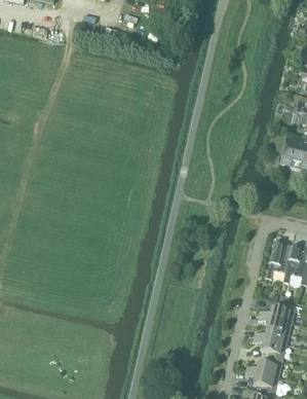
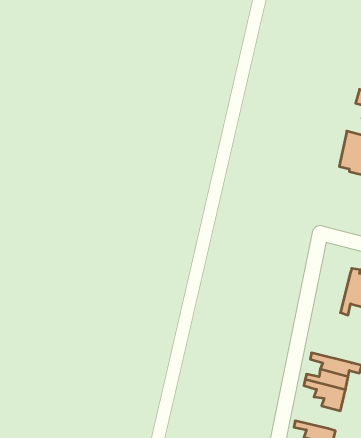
building: [266,241,292,279] -> none
building: [260,299,295,322] -> none
building: [246,357,283,377] -> none

